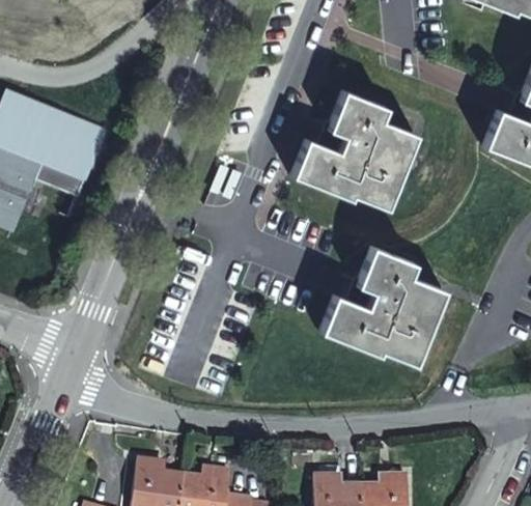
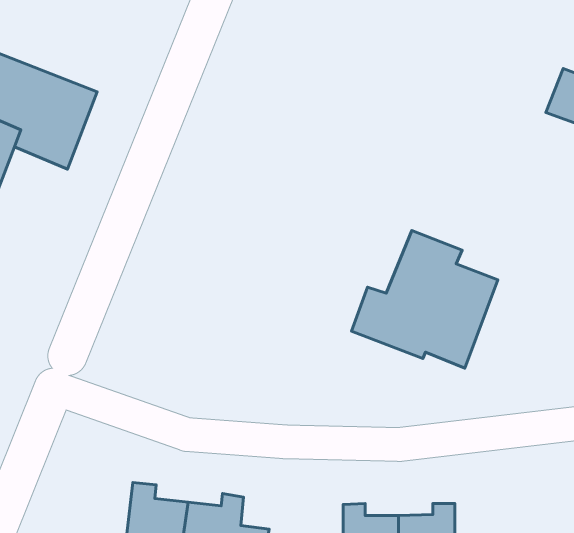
building: [289,91,415,207] -> none

